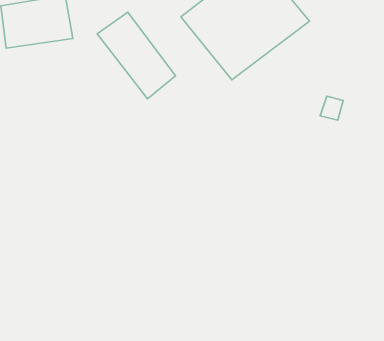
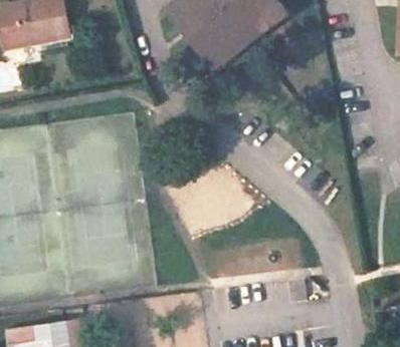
building: [97,12,176,99] -> none

